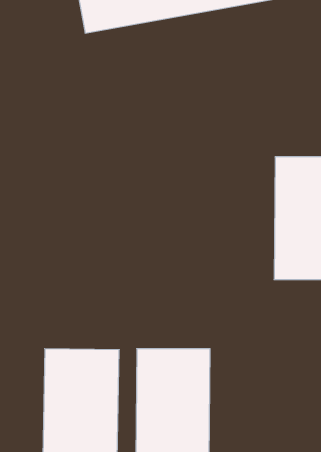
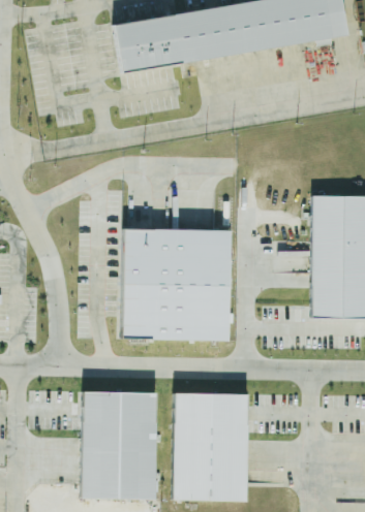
building: none -> [123,230,230,342]

